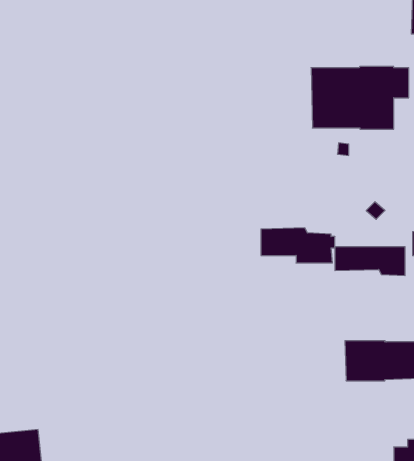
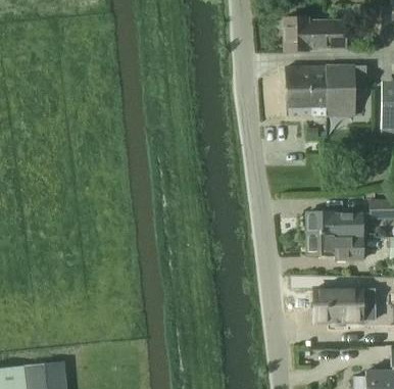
building: none -> [285,17,346,50]
building: [261,228,335,263] -> [306,230,366,258]

